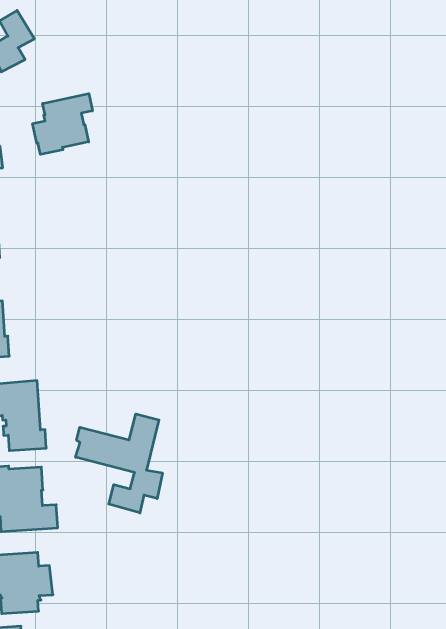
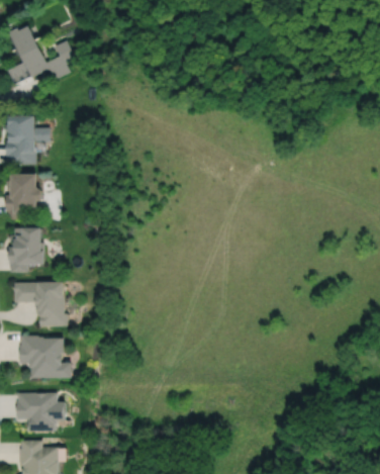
building: [33,94,92,154] -> none
building: [76,414,162,513] -> none

